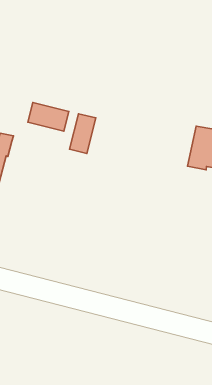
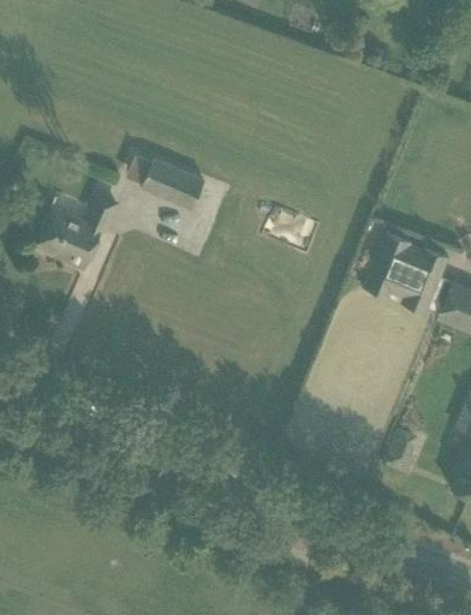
building: [70,114,96,153] -> none

